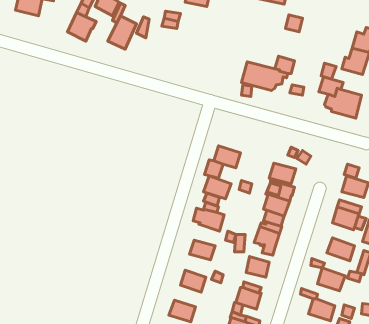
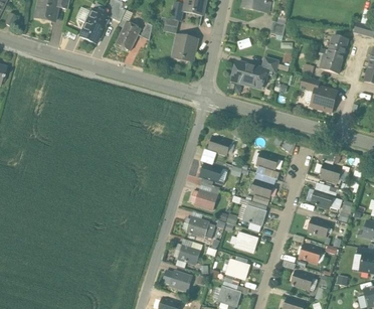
building: none -> [174,36,196,60]

